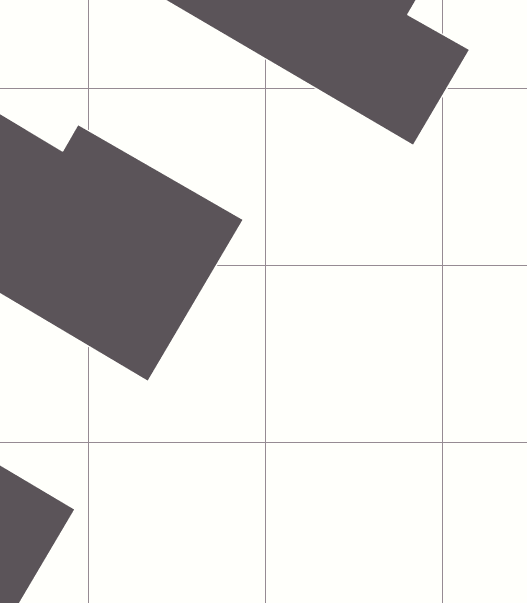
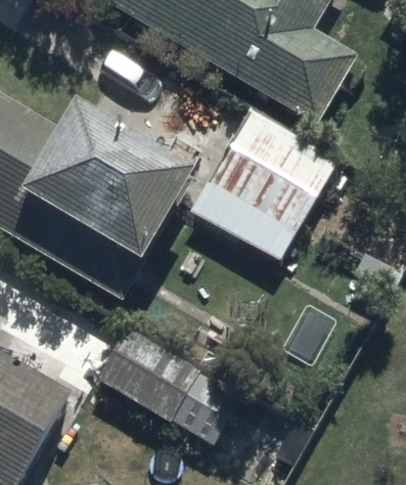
building: none -> [191,106,337,258]
building: none -> [96,326,236,440]

